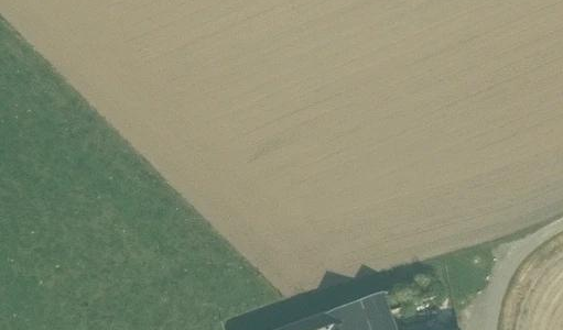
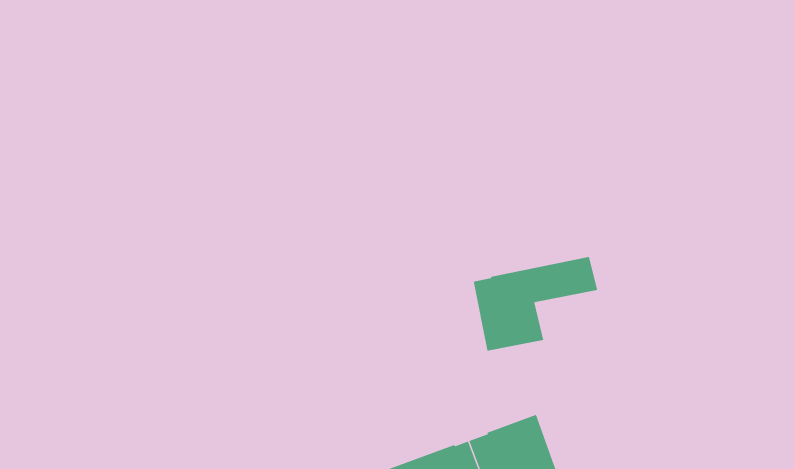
building: none -> [473,256,598,351]

